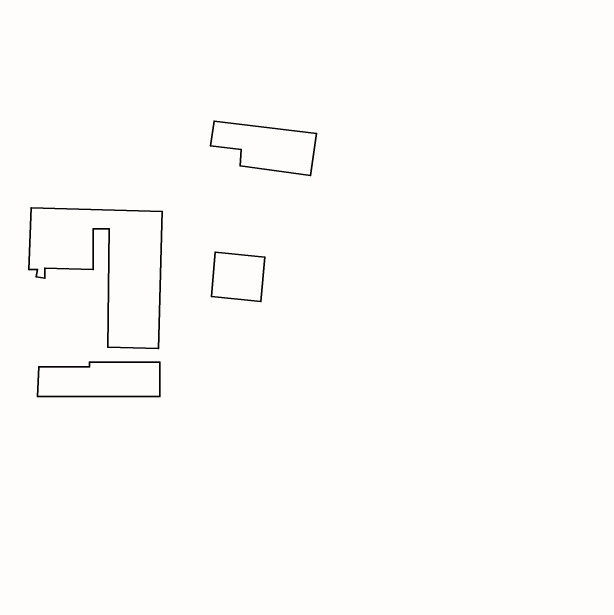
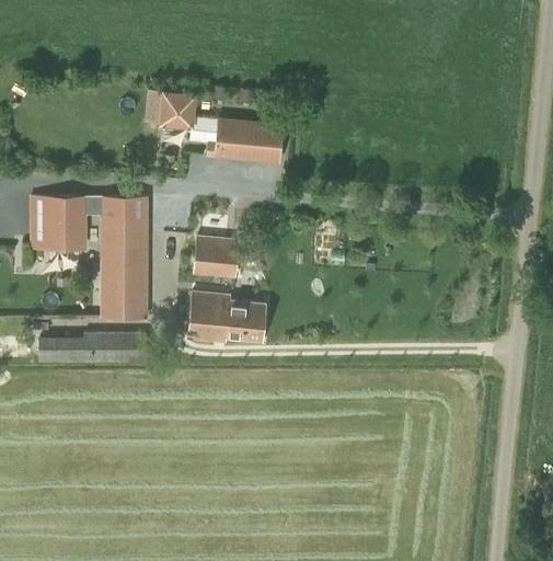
building: none -> [158,90,195,128]
building: none -> [187,290,266,341]

